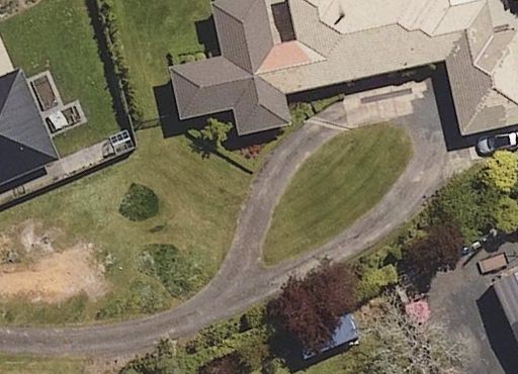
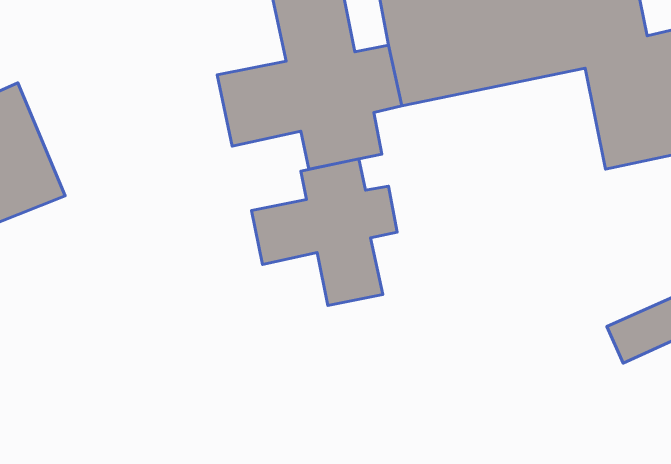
building: none -> [251,159,397,305]

